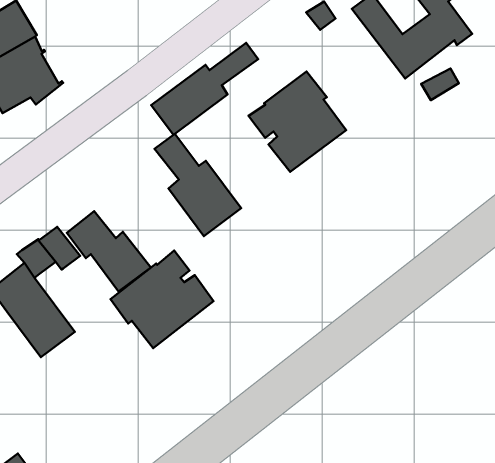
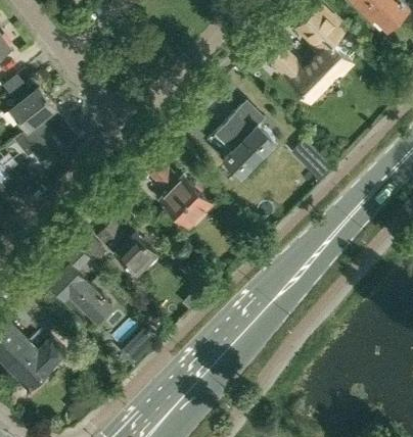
building: [151,43,258,135] -> none
building: [110,251,214,348] -> none

